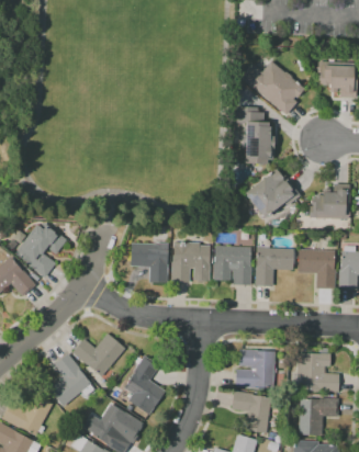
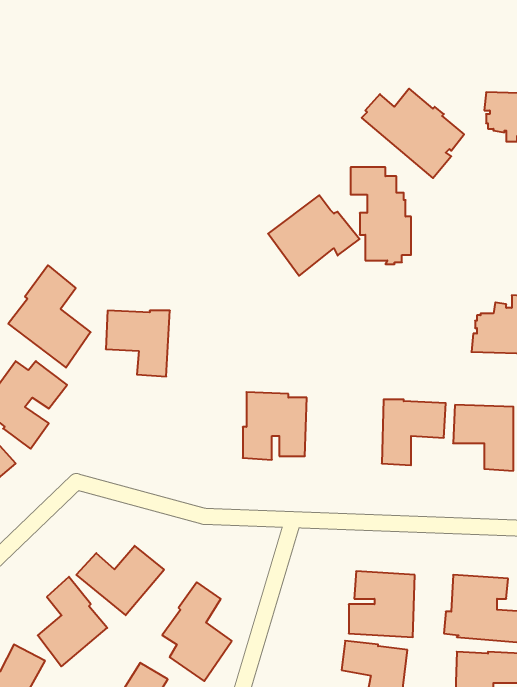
building: none -> [8,265,91,368]
building: [246,170,301,218] -> [268,195,360,276]
building: [131,244,169,283] -> [106,311,170,376]
building: [214,246,253,286] -> none

